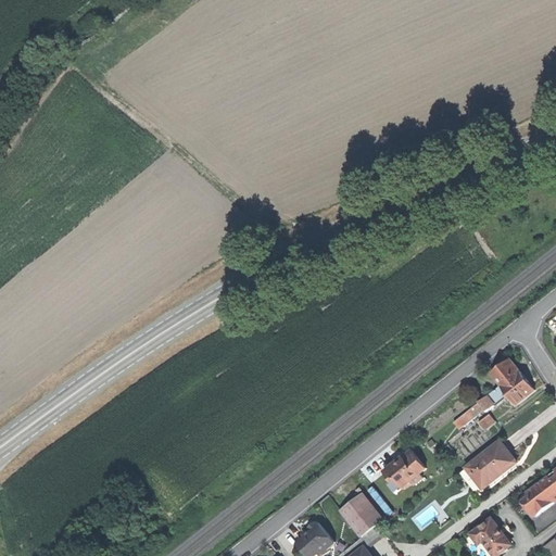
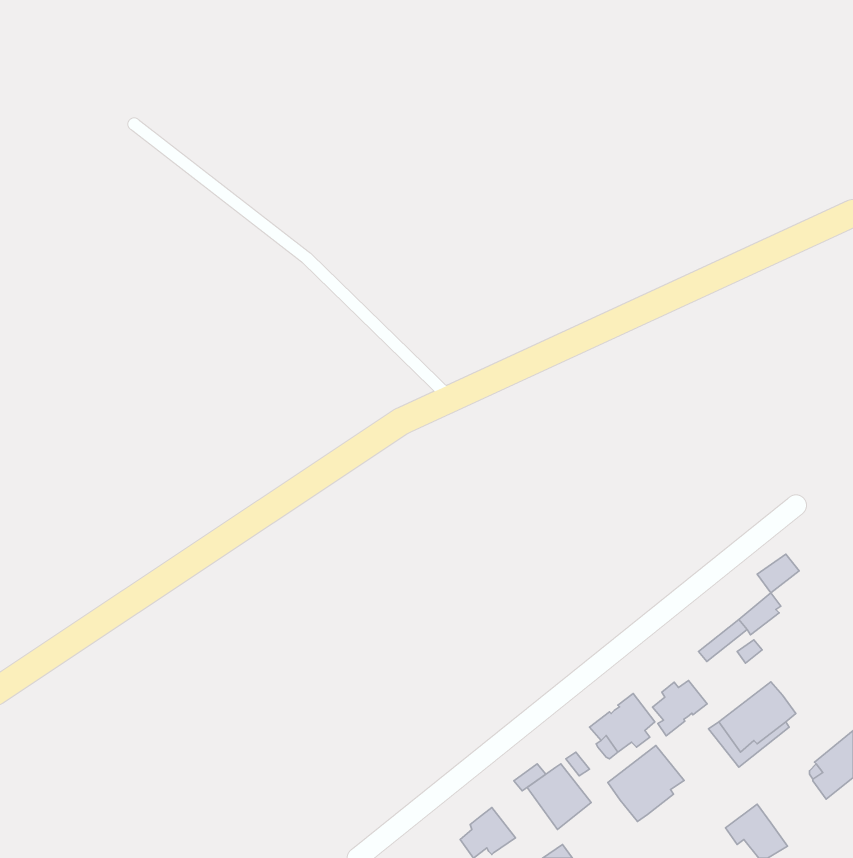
building: [498,369,532,404] -> none
building: none -> [652,680,707,736]
building: none -> [608,745,684,822]

